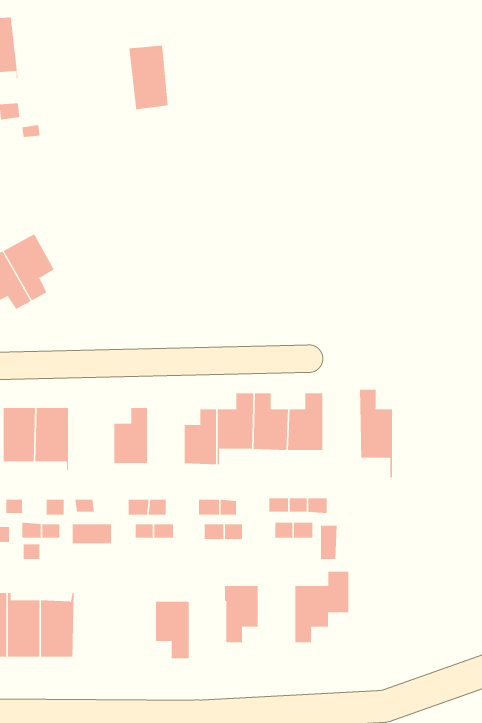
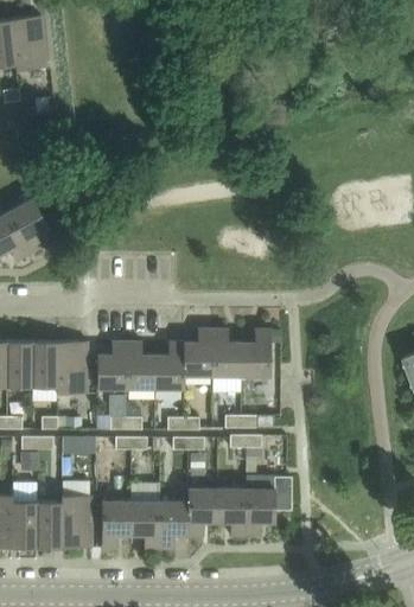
building: [128,45,169,110] -> [13,17,46,70]
building: [360,389,392,478] -> none
building: none -> [60,341,88,394]
building: none -> [126,341,155,388]
building: none -> [217,488,247,536]
building: none -> [64,494,93,548]
building: none -> [102,501,132,549]
building: none -> [160,501,190,549]

